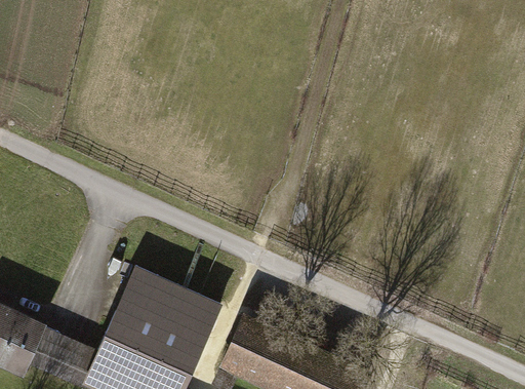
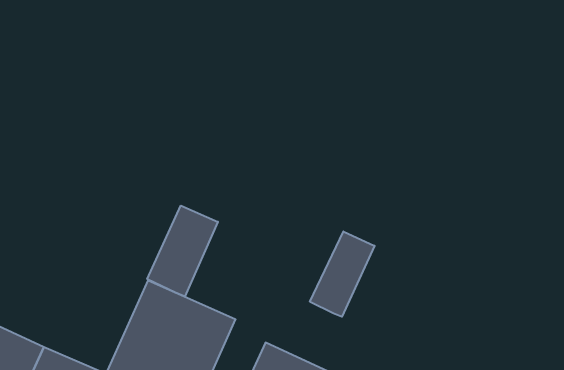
building: none -> [147,206,218,296]
building: none -> [310,231,375,317]

